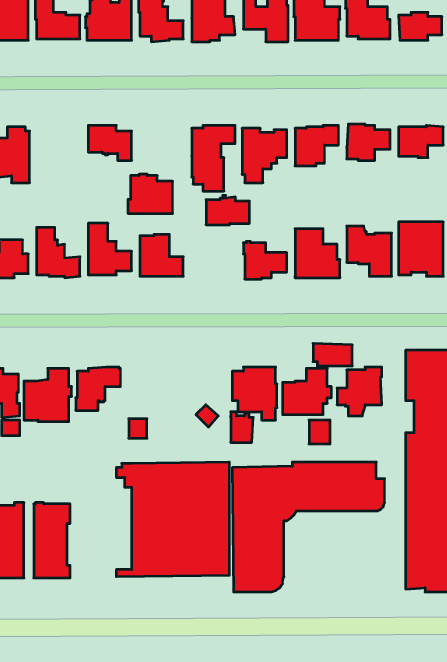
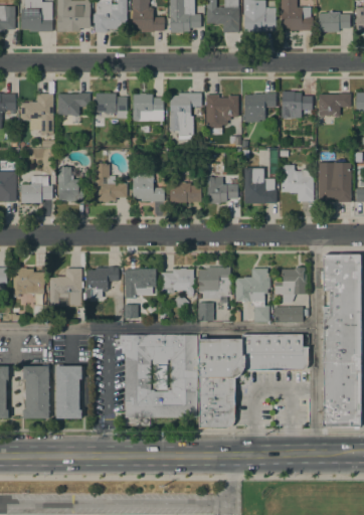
building: none -> [58,93,90,124]
building: [128,174,173,213] -> [132,93,164,121]
building: [206,195,249,225] -> [170,181,201,202]
building: [313,343,352,366] -> [275,306,303,322]
building: none -> [162,268,195,295]
building: none -> [125,269,156,298]

